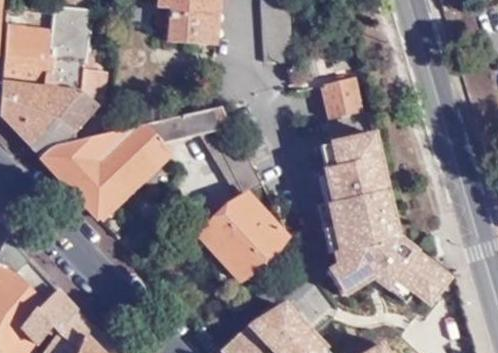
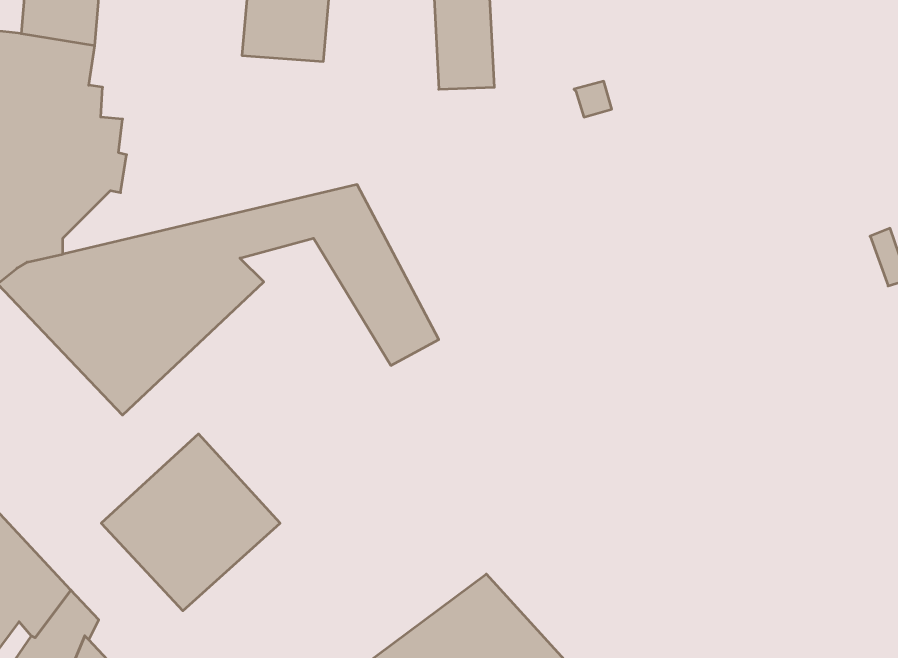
building: [321,76,363,119] -> none
building: [324,131,452,307] -> none
building: [198,192,288,281] -> [101,434,280,611]

